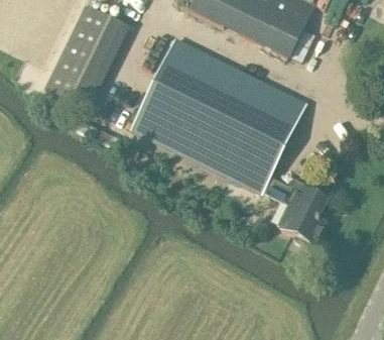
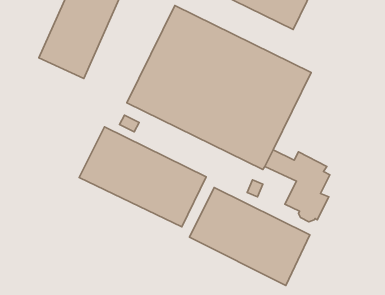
building: none -> [79,127,206,227]
building: none -> [189,188,310,285]

